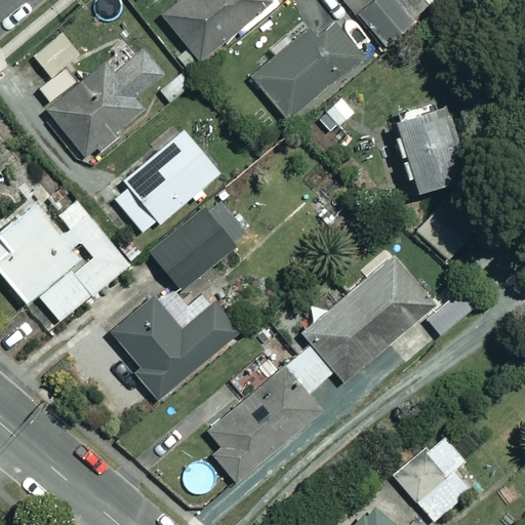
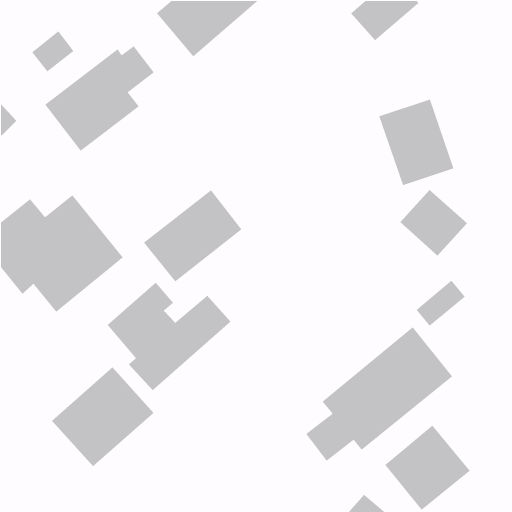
building: [251,15,362,121] -> none
building: [115,131,218,234] -> none
building: [286,254,437,393] -> [305,326,453,462]
building: [208,369,318,482] -> none
building: none -> [51,367,155,467]

